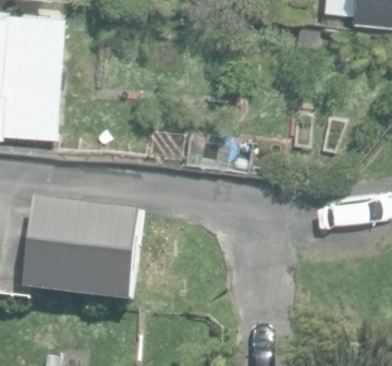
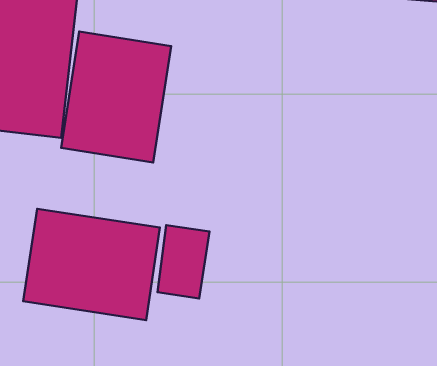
building: none -> [61,32,171,162]

